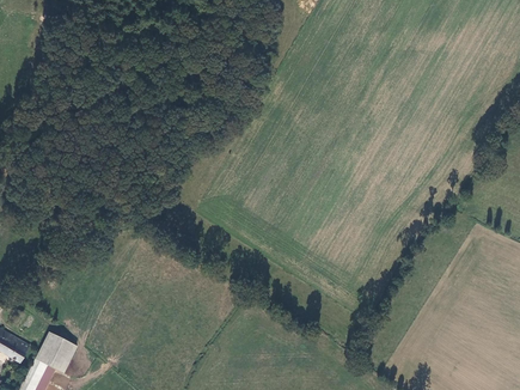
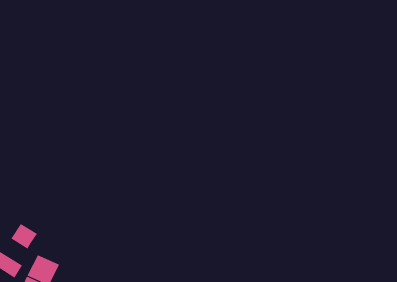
building: none -> [10,223,38,250]

